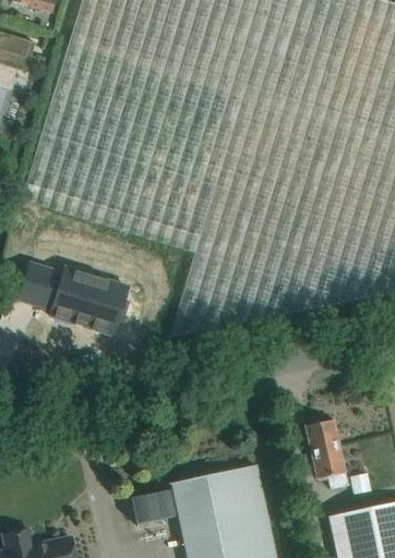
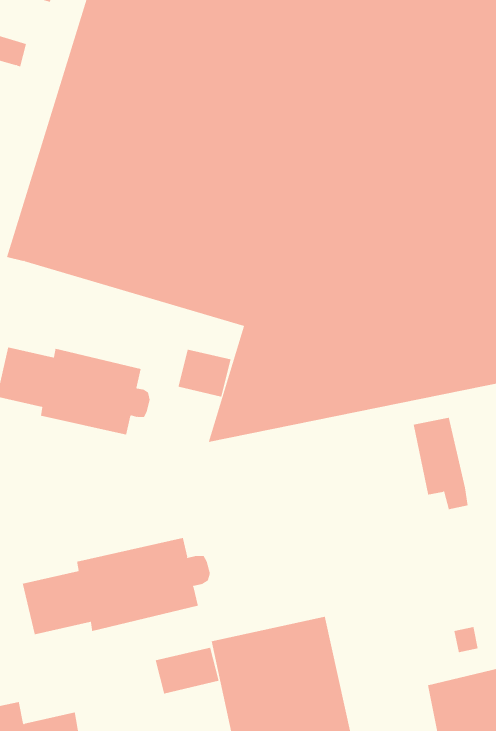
building: none -> [178,349,231,397]
building: none -> [22,537,210,635]
building: [307,420,348,488] -> [413,417,469,510]

